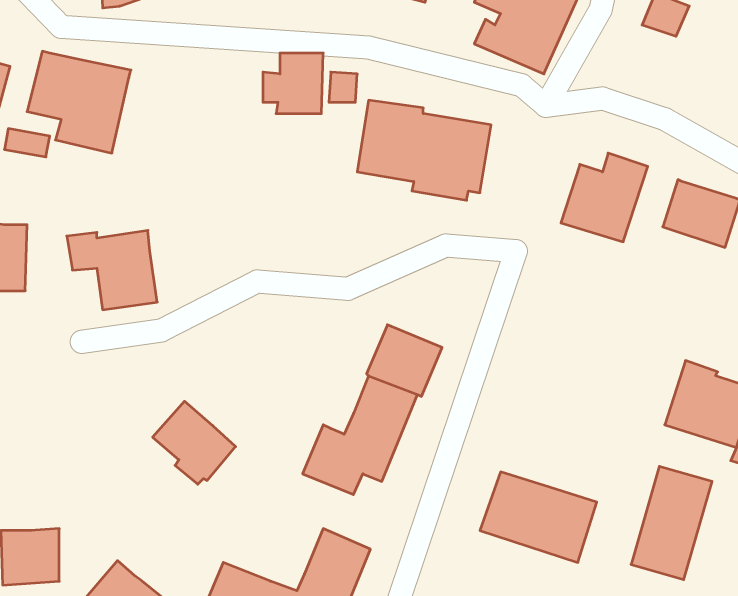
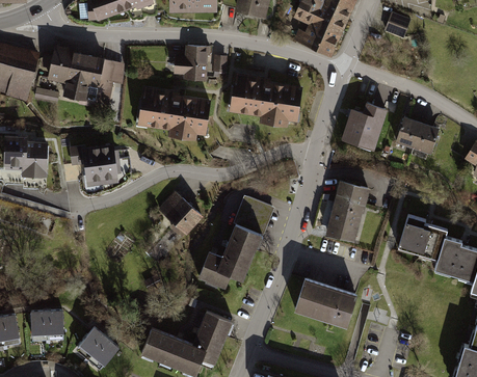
building: none -> [92,60,124,105]
building: none -> [139,88,213,139]
building: [153,401,236,484] -> [157,191,203,237]
building: [631,466,712,580] -> [327,178,372,240]

